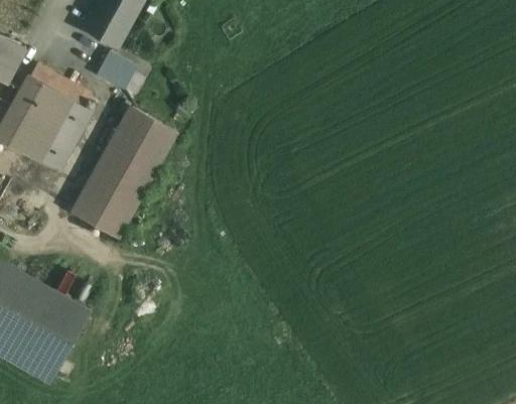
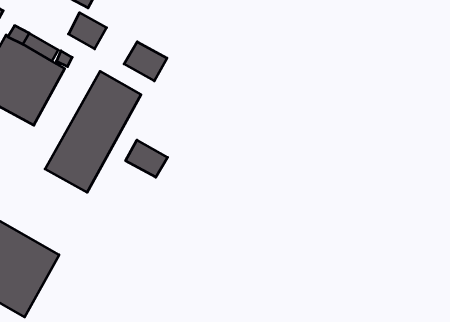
building: none -> [124,42,167,81]
building: none -> [126,140,168,177]

